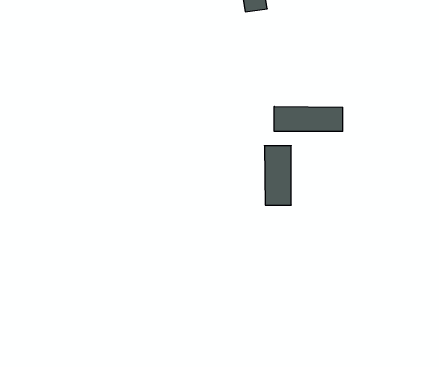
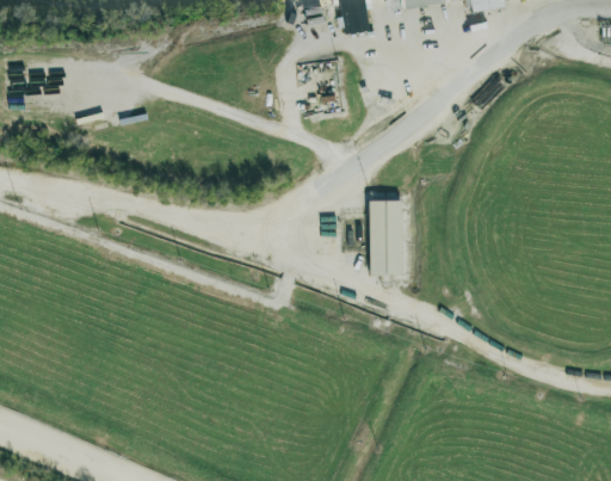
building: [274,106,343,131] -> none

